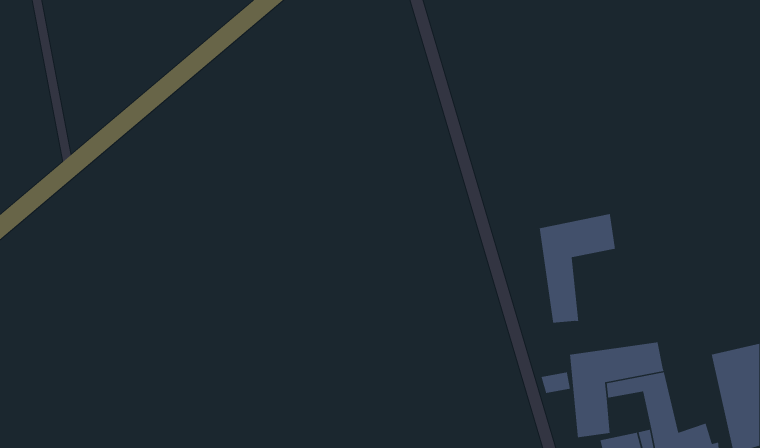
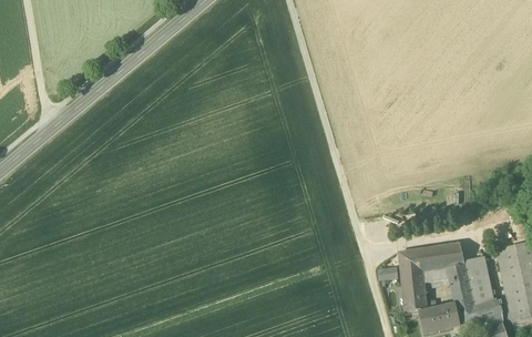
building: [539,213,616,323] -> none
building: none -> [463,254,493,305]

